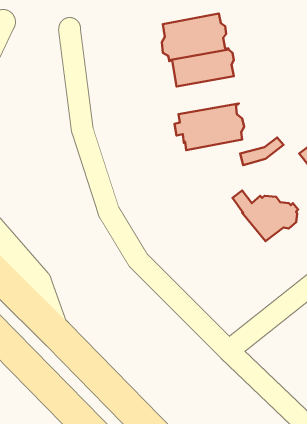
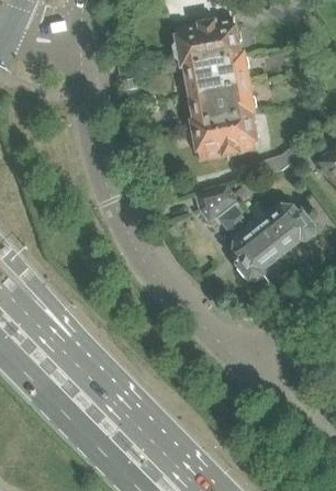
building: none -> [190,81,257,121]
building: none -> [197,185,238,221]
building: none -> [223,202,282,279]

